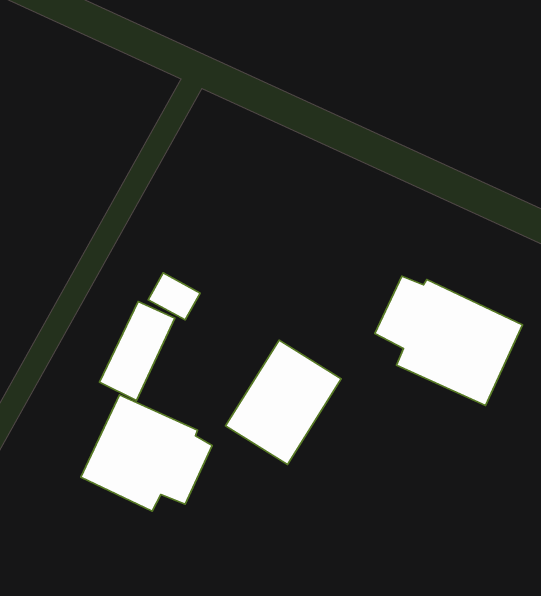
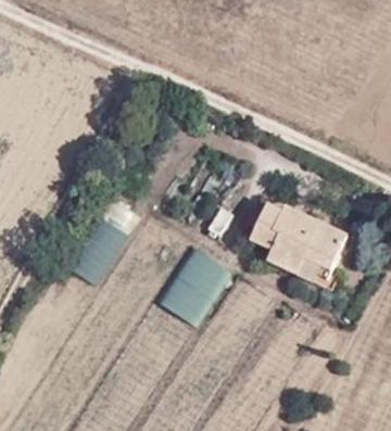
building: [81,395,212,511] -> none

